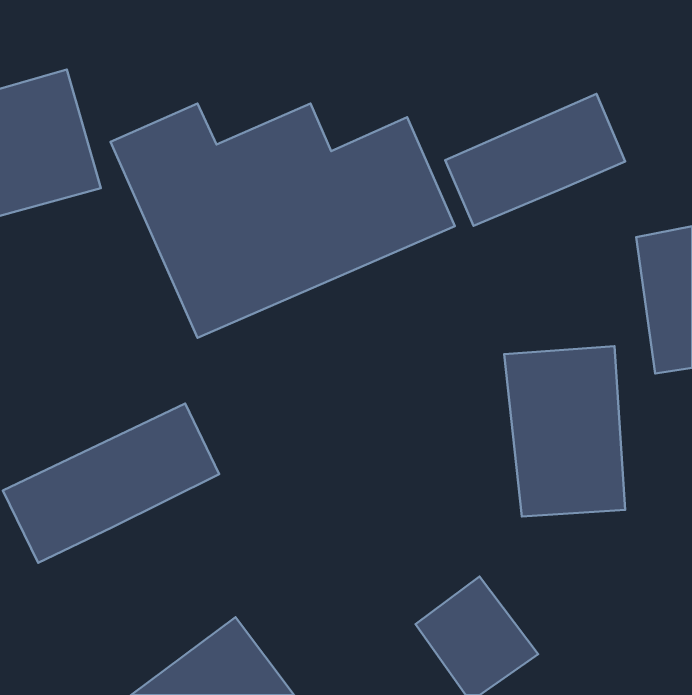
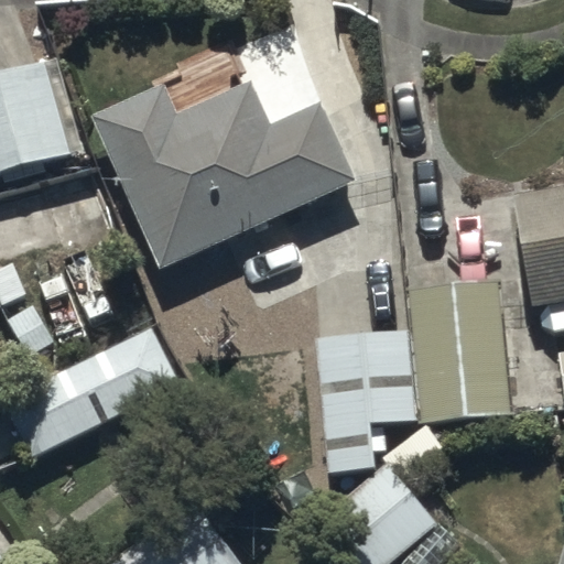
building: [445,94,625,226] -> none
building: none -> [318,330,414,473]

